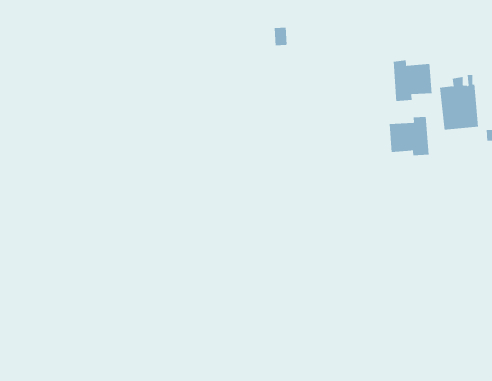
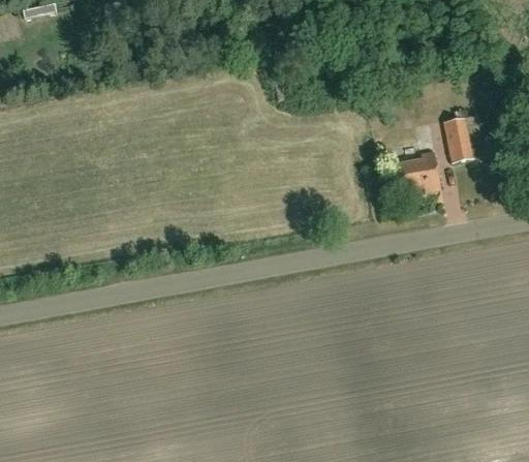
building: [393,60,432,102] -> none

